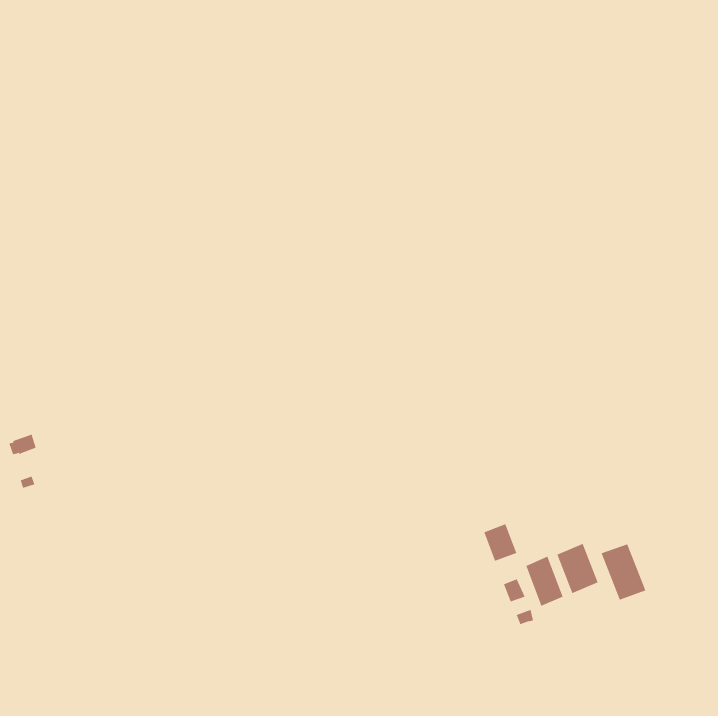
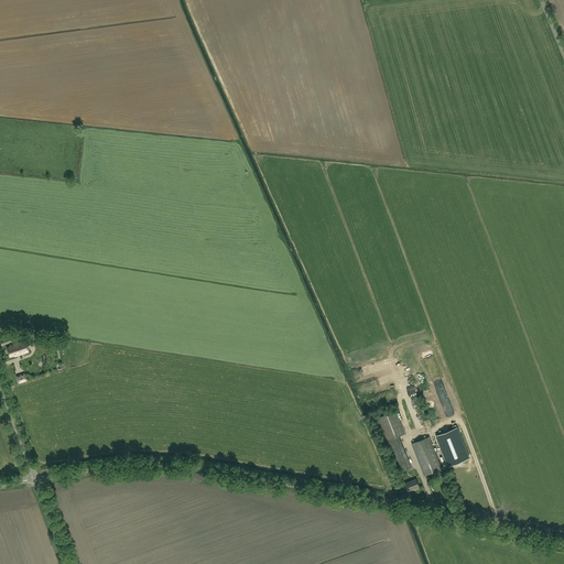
building: [601,543,646,601] -> none

